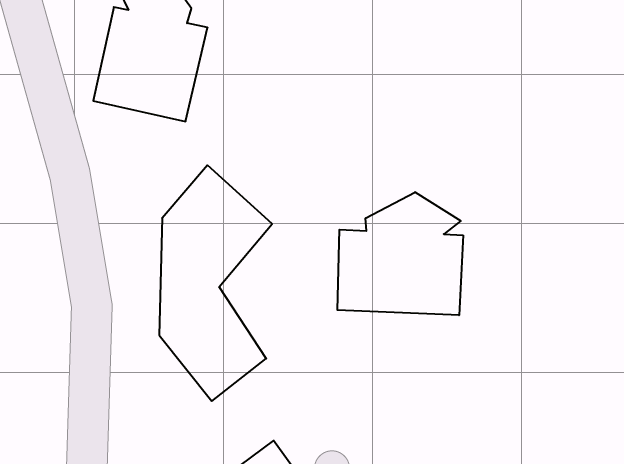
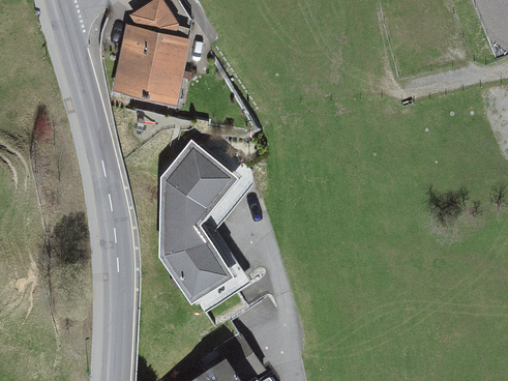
building: [337,192,463,315] -> none

